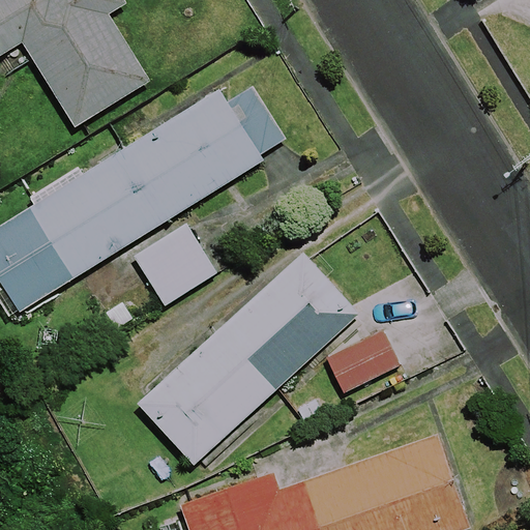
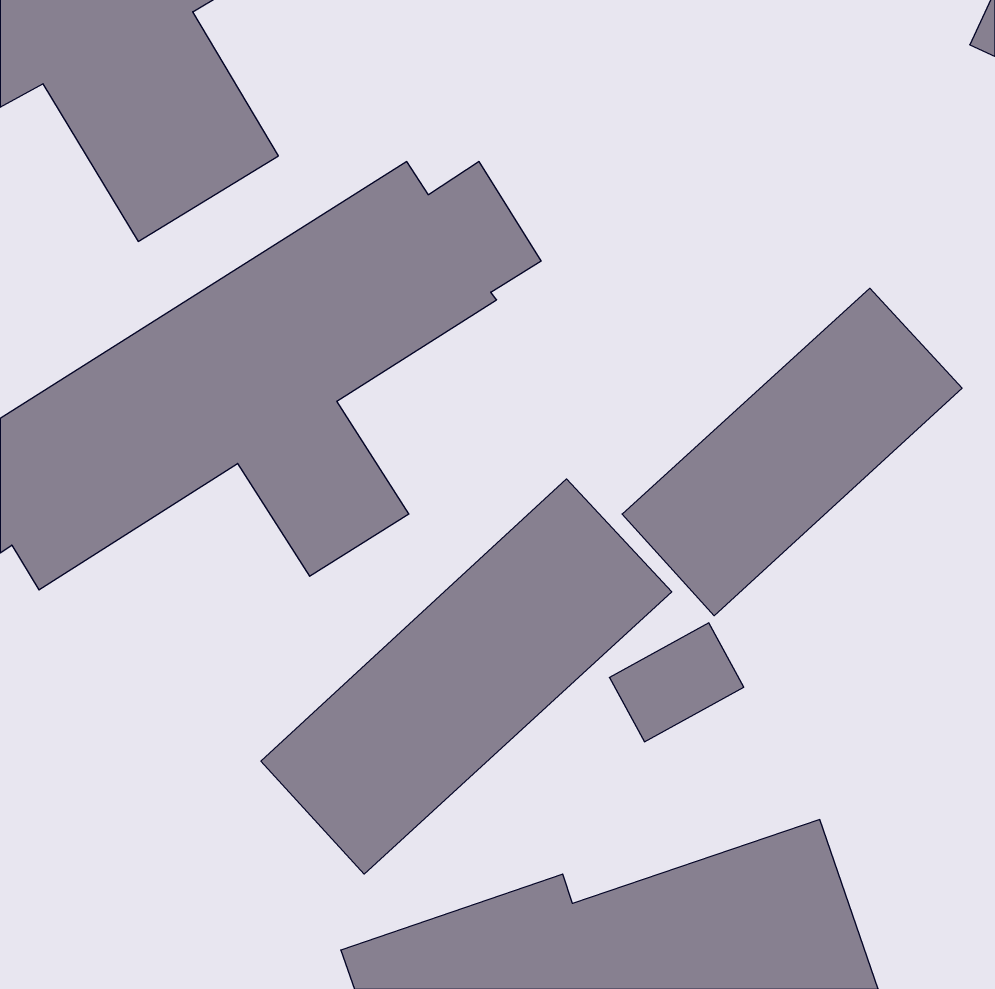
building: none -> [622,288,962,616]

